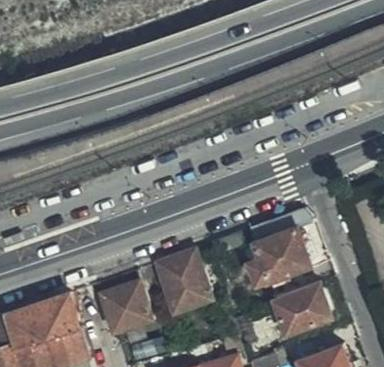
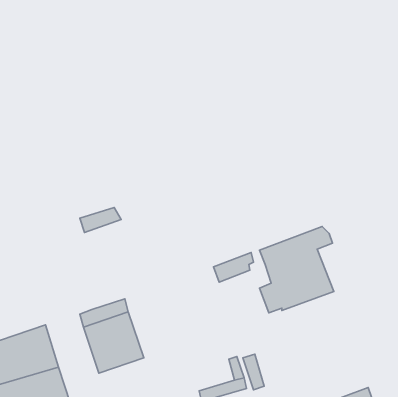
building: [155,250,210,314] -> none
building: [272,285,330,336] -> none

